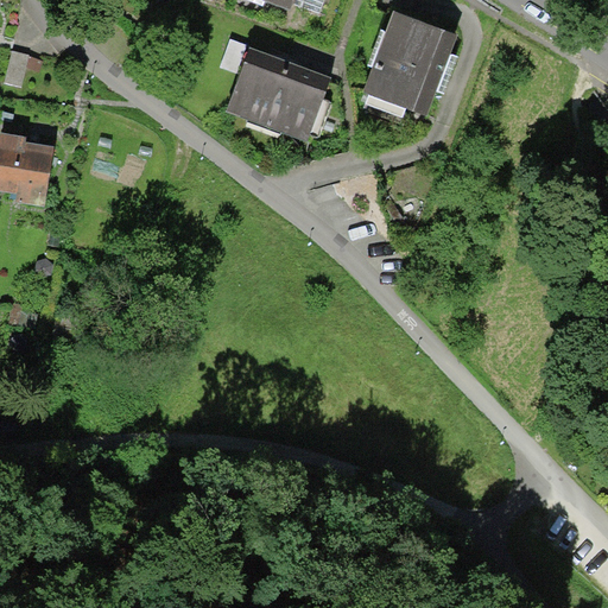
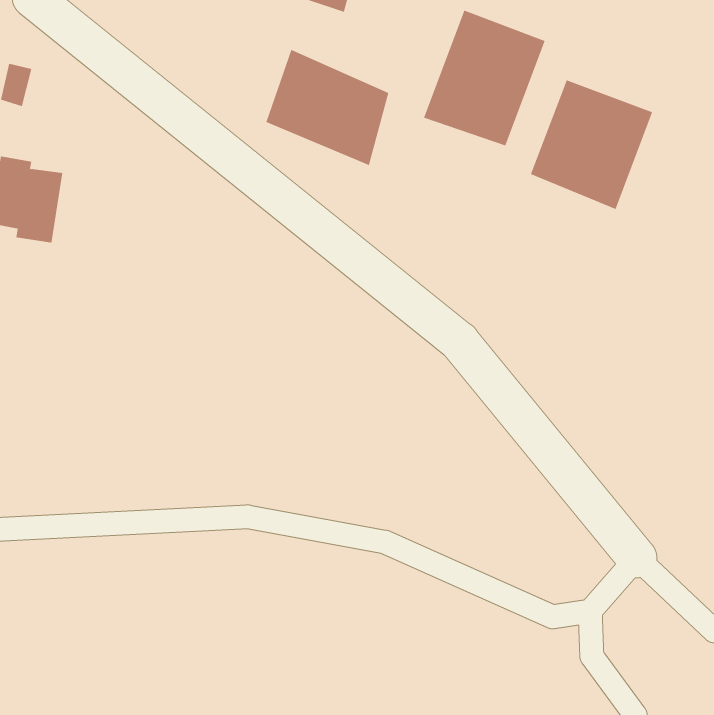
building: none -> [530,79,653,210]

